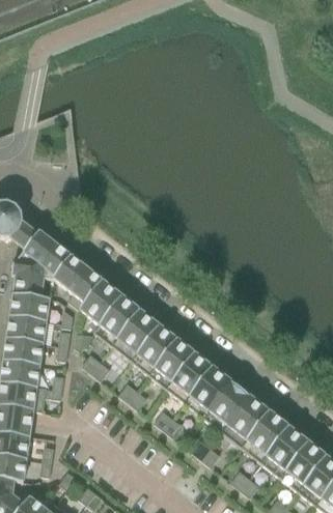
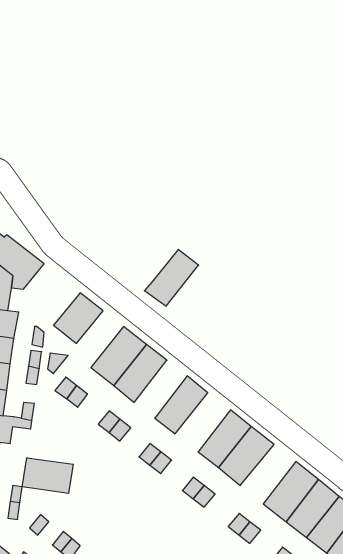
building: [54,255,103,308] -> none
building: [93,295,140,344] -> [144,250,199,306]
building: [149,338,195,388] -> none
building: [185,366,232,417] -> none
building: [241,410,288,461] -> none
building: none -> [22,458,73,493]

